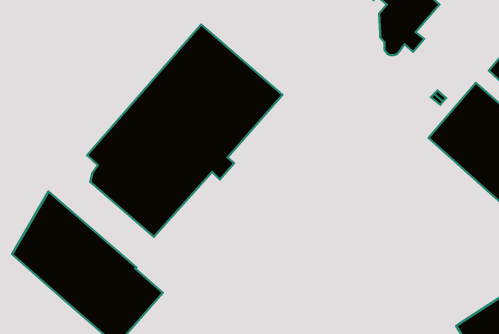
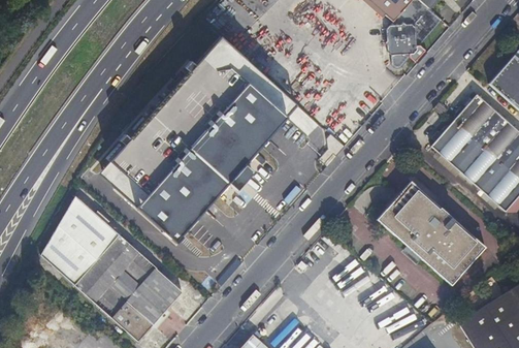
building: none -> [378,180,486,285]

